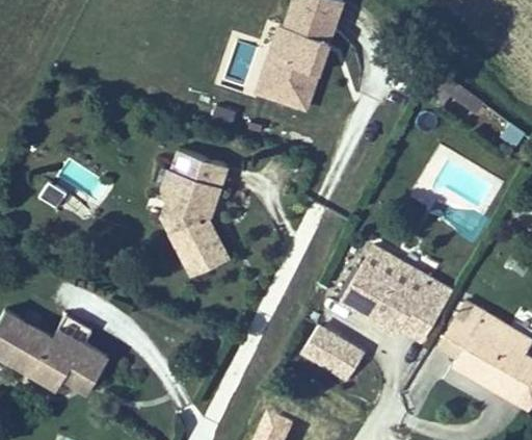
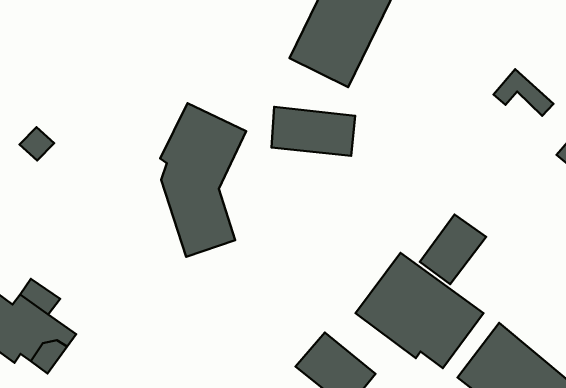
building: none -> [271,107,355,156]
building: none -> [420,215,486,284]

